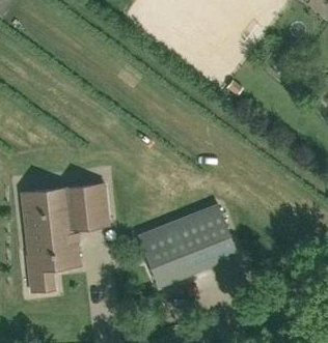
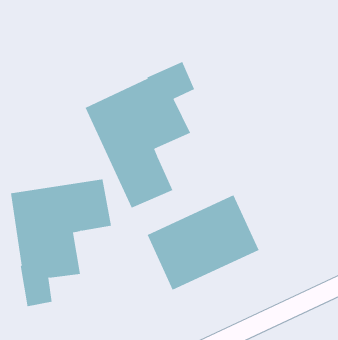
building: none -> [85,61,195,208]

